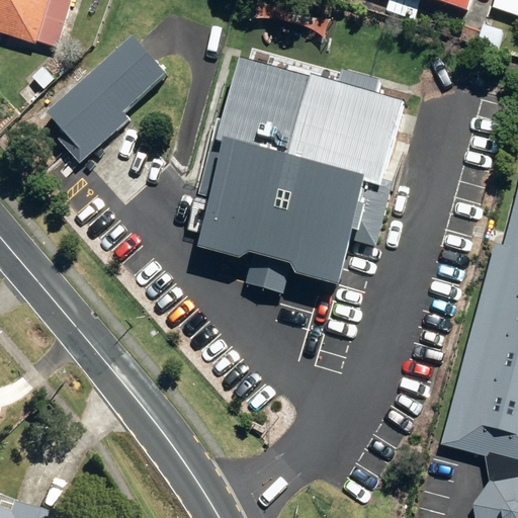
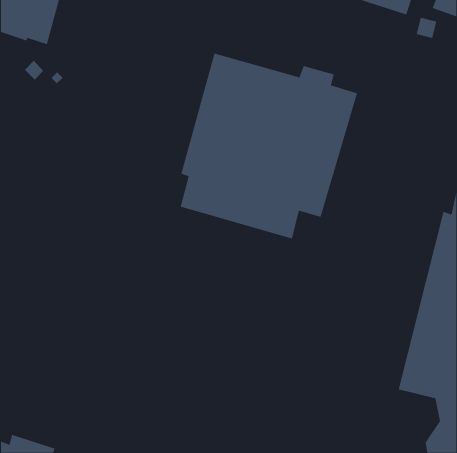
building: [46,36,165,162] -> none

